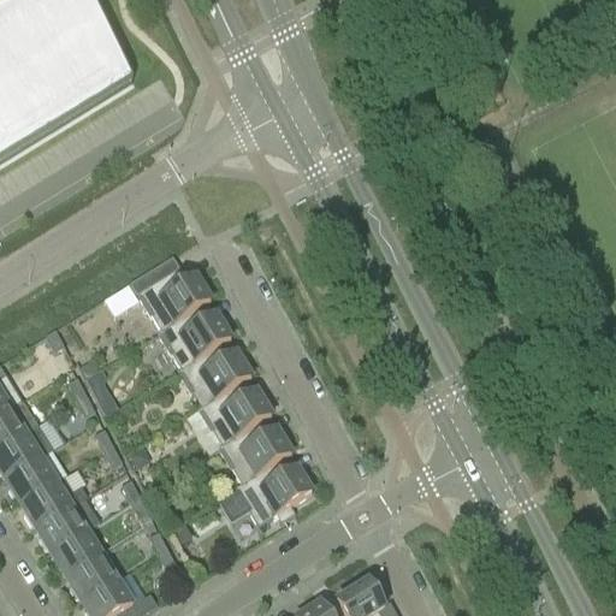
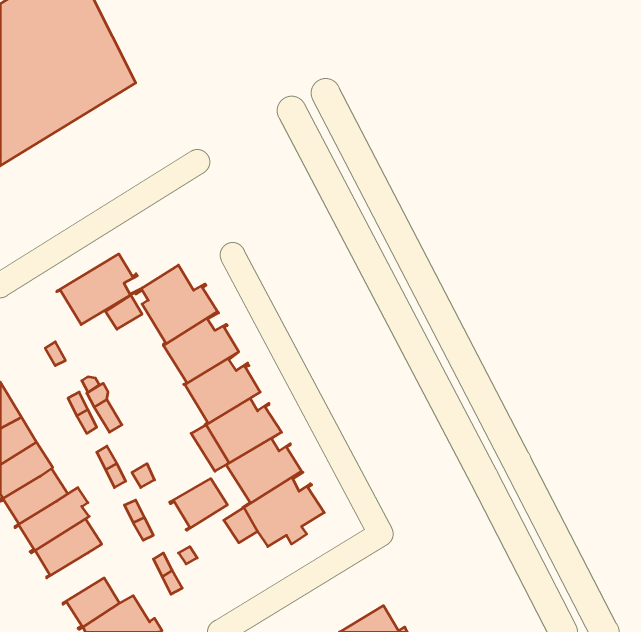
building: none -> [57,254,142,325]
building: none -> [170,479,227,530]
building: [46,529,101,578] -> none

